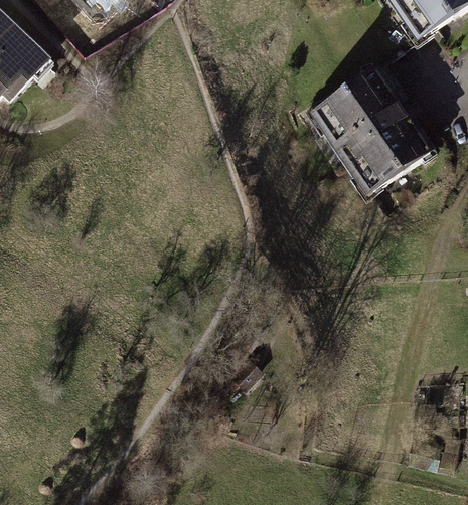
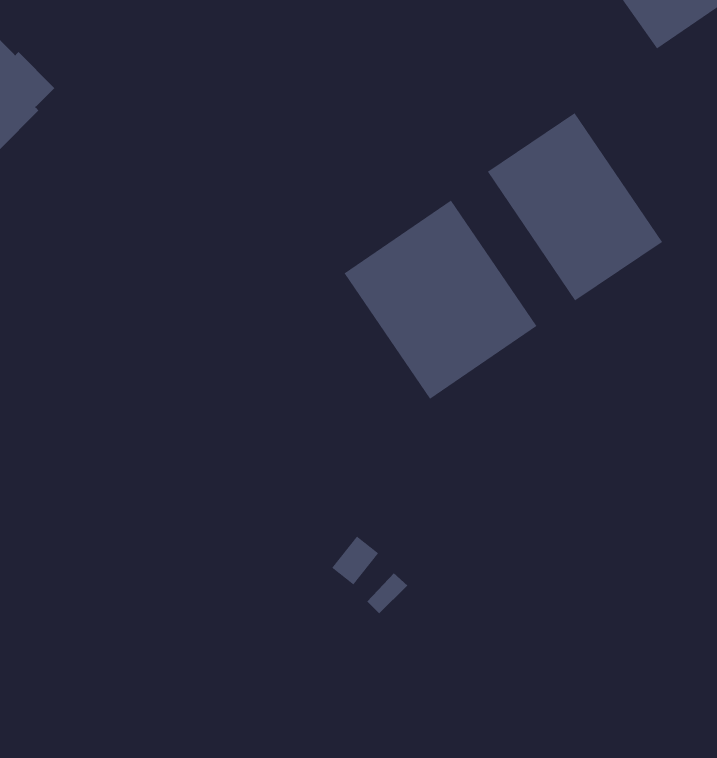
building: none -> [344,199,537,400]

